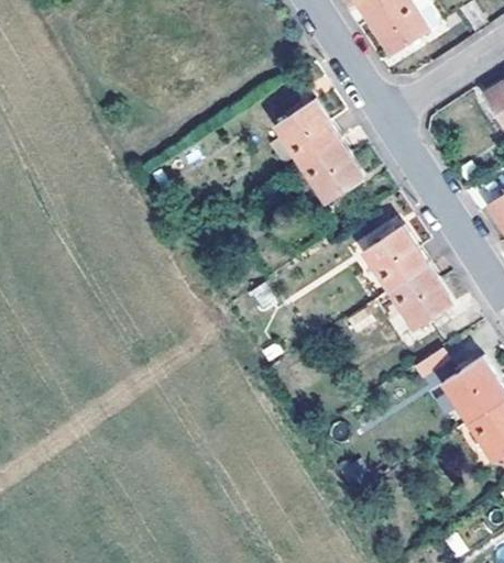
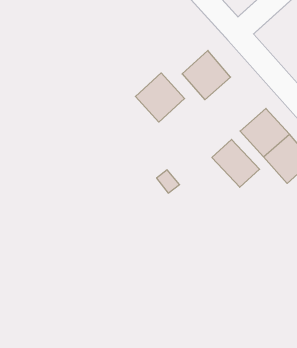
building: [275,100,339,164] -> [135,73,185,122]
building: none -> [212,139,260,187]

